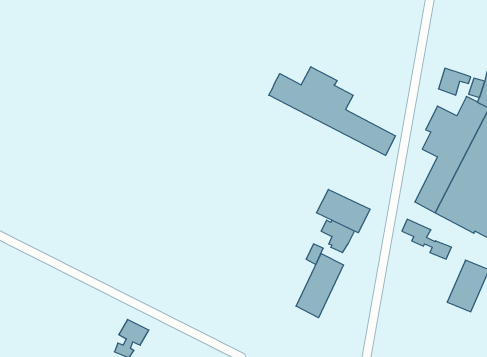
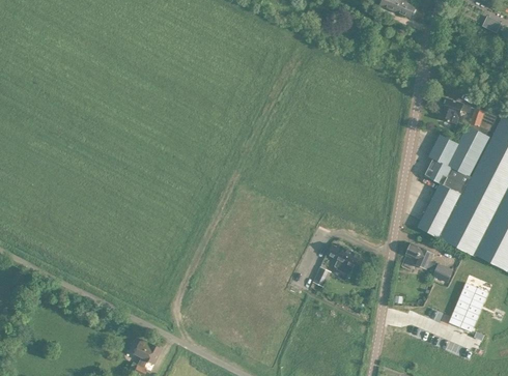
building: [269,67,395,155] -> none
building: [317,189,370,233] -> none
building: [296,253,343,318] -> none

